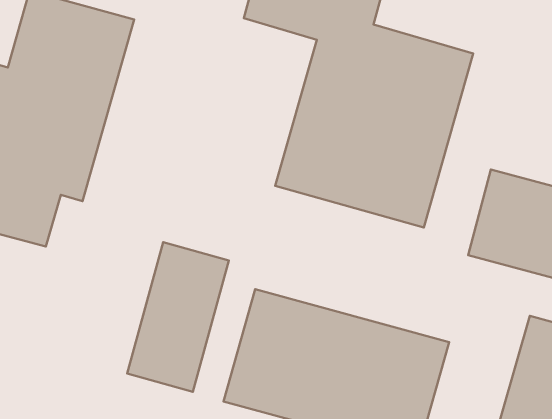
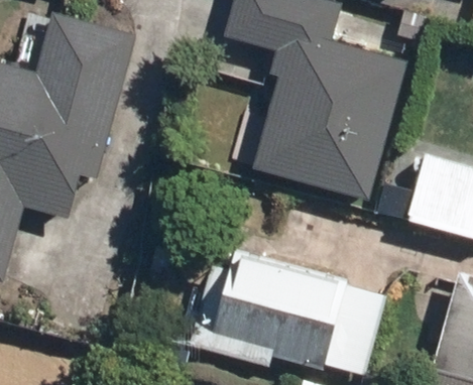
building: [127,242,229,392] -> none

